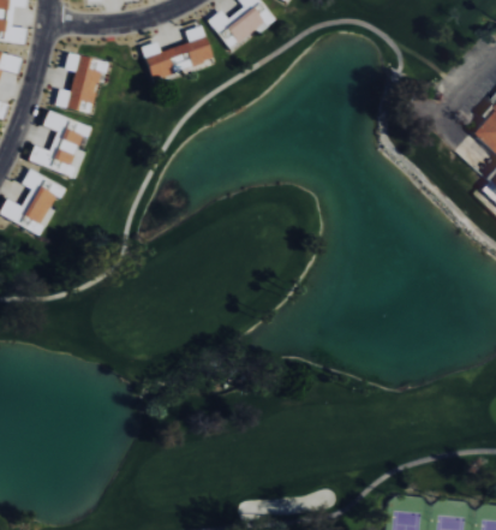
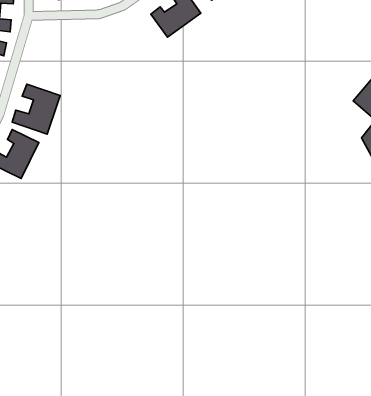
building: [142,22,213,79] -> none
building: [56,53,104,111] -> none

